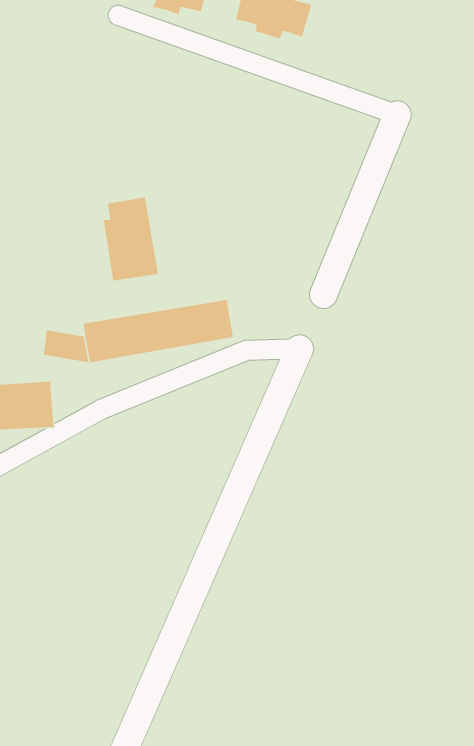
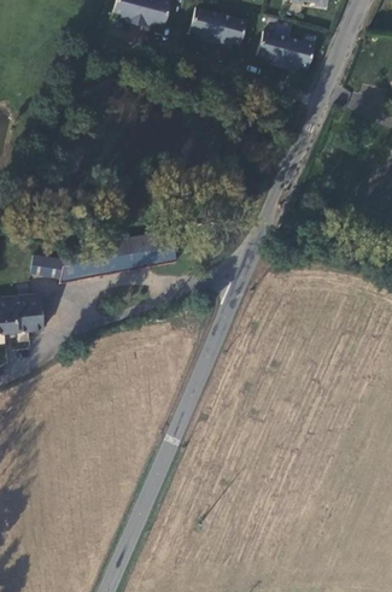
building: none -> [253,22,310,61]
building: [103,197,159,282] -> none

